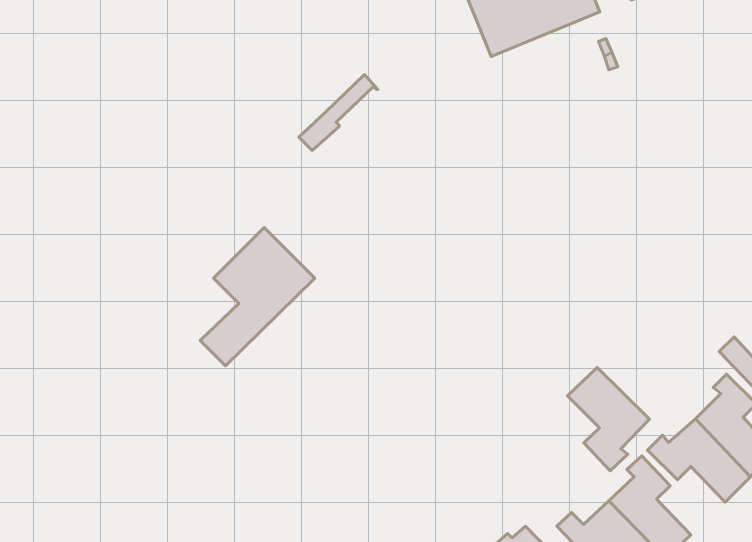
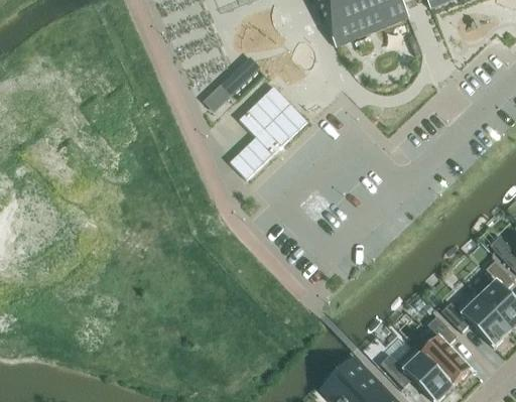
building: [200,227,315,366] -> [233,86,310,179]
building: [567,367,650,471] -> none

